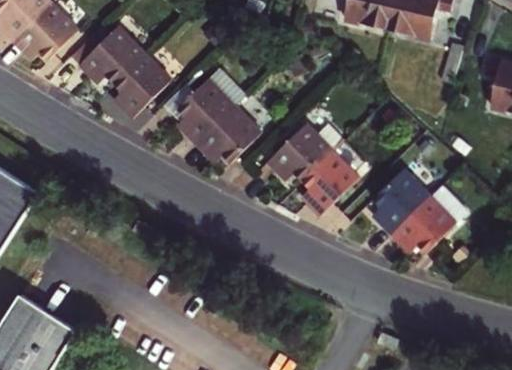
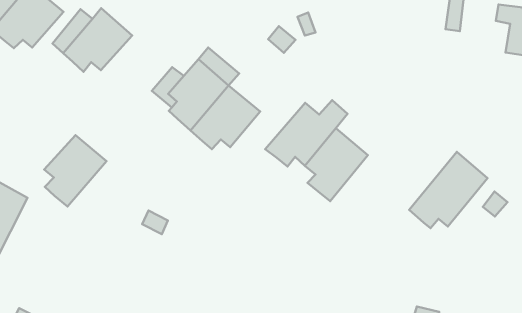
building: [114,54,173,119] -> [44,135,106,206]
building: [367,175,424,240] -> none

